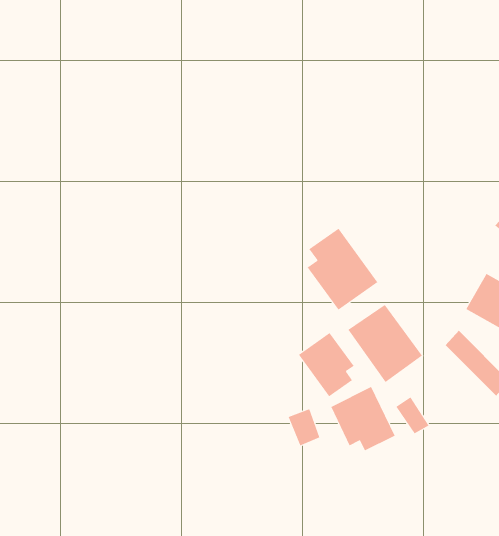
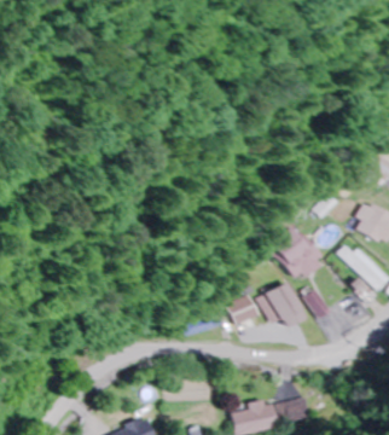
building: [307,228,378,311] -> none
building: [298,332,354,397] -> none

